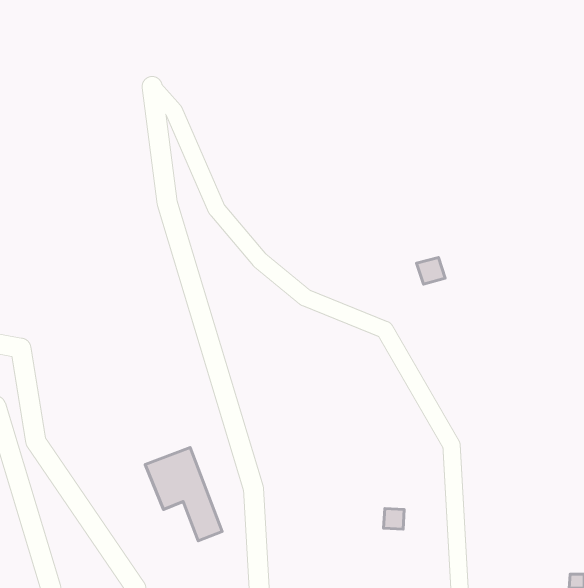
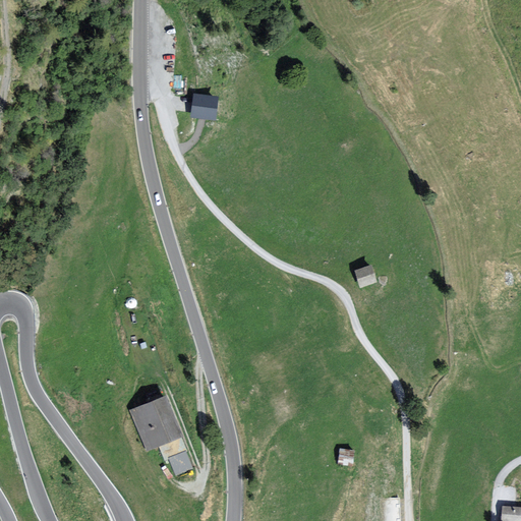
building: none -> [188,94,213,117]
building: [417,257,445,284] -> [354,264,380,287]

